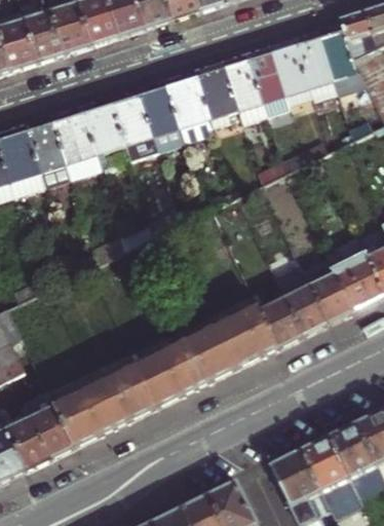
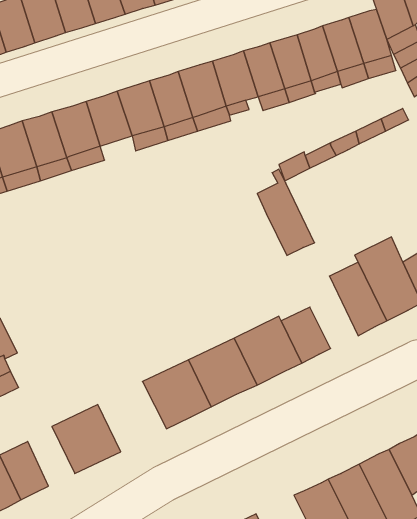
building: [275,256,327,333] -> [257,169,315,255]
building: [93,363,155,425] -> none
building: [23,388,73,456] -> none

